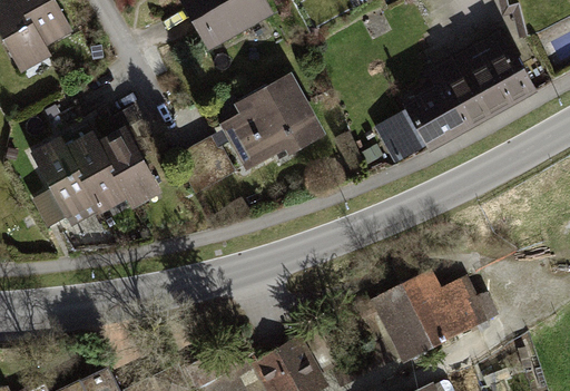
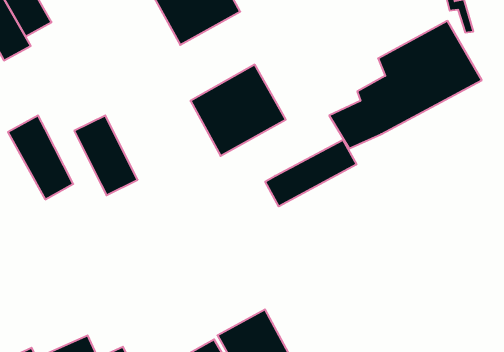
building: [65,131,125,214] -> none
building: none -> [265,140,356,206]
building: [370,271,499,365] -> none

